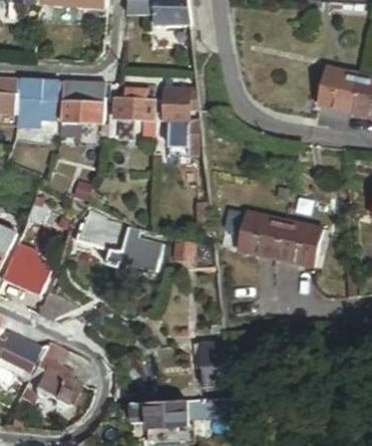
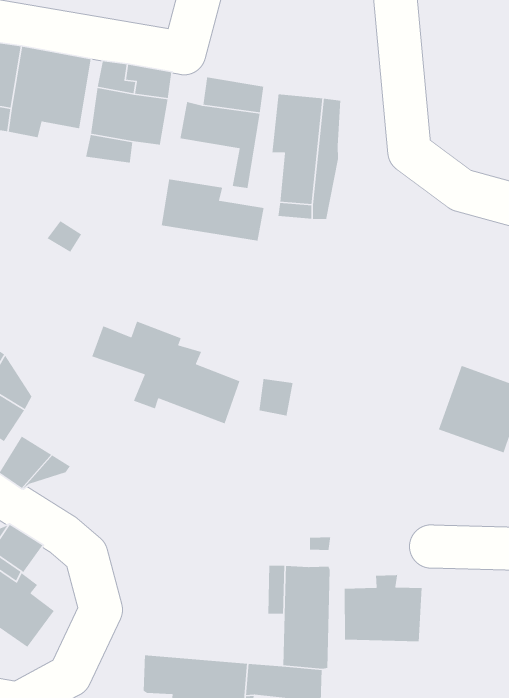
building: none -> [161,179,264,242]
building: [236,212,282,257] -> none
building: none -> [344,574,423,642]

